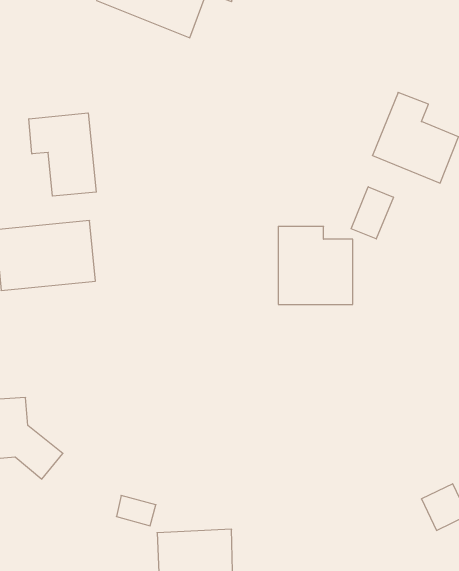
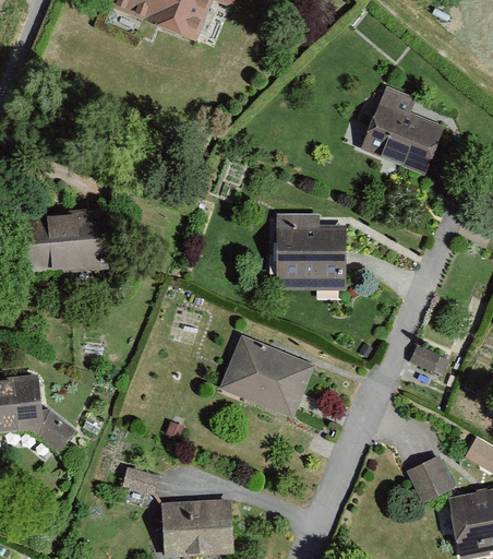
building: [29,113,96,196] -> none
building: [351,187,393,239] -> none
building: none -> [217,333,316,420]

